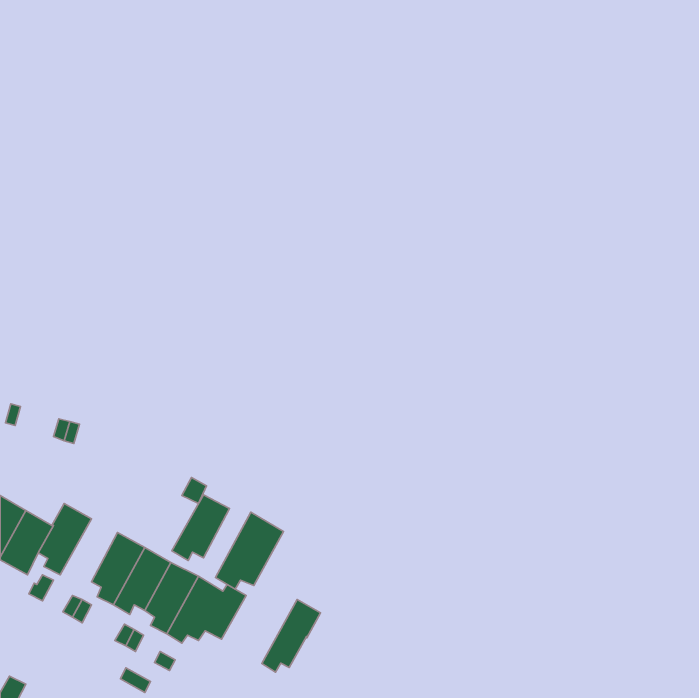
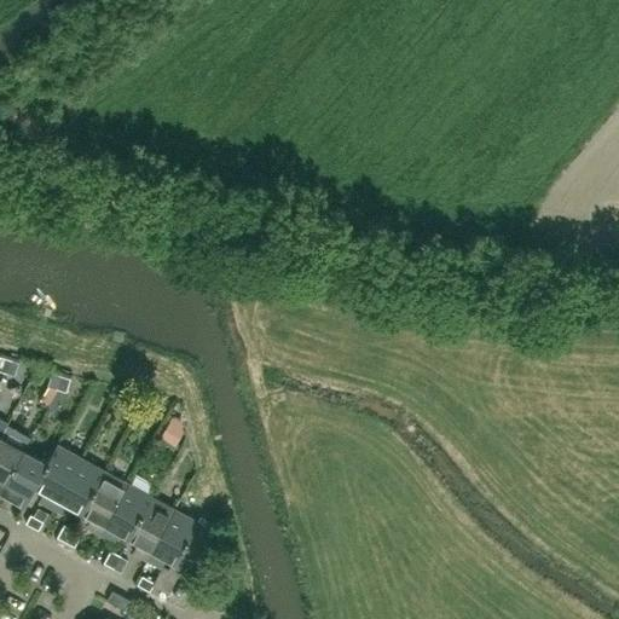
building: [172,495,229,560] -> [53,459,104,517]
building: [216,512,284,589] -> none
building: [262,599,321,672] -> none

